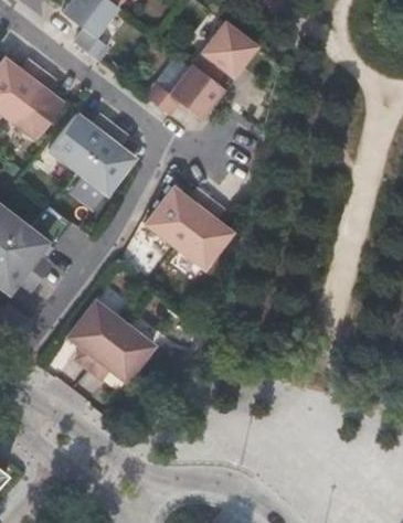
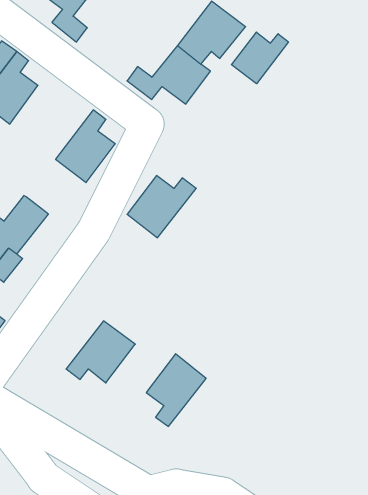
building: none -> [231,32,288,84]
building: [49,114,114,172] -> none
building: [174,200,232,268] -> none
building: [67,301,124,370] -> [146,354,206,426]

